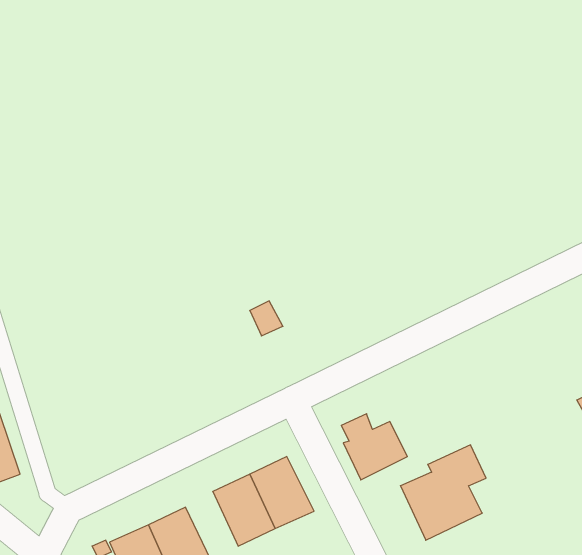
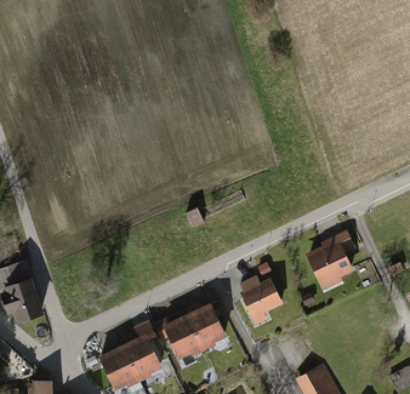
building: [400,445,486,540] -> [304,230,358,290]

